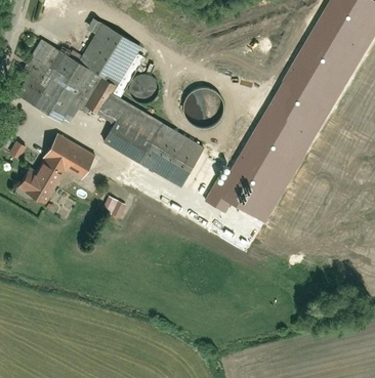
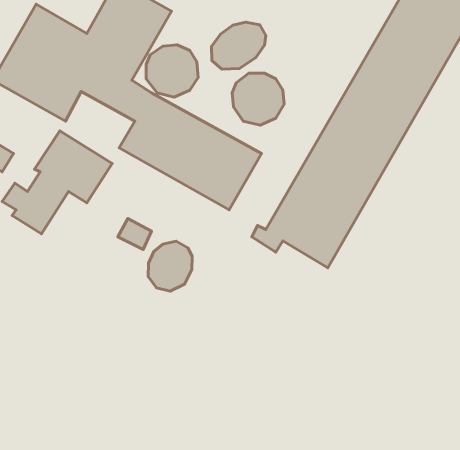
building: none -> [212,22,266,69]
building: none -> [148,241,192,291]

